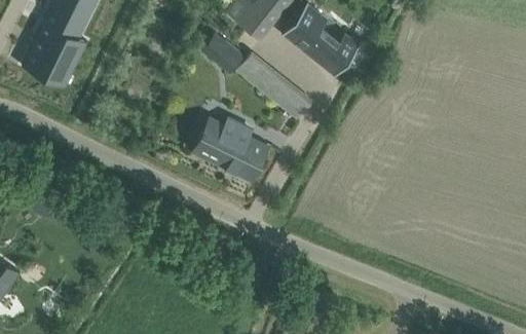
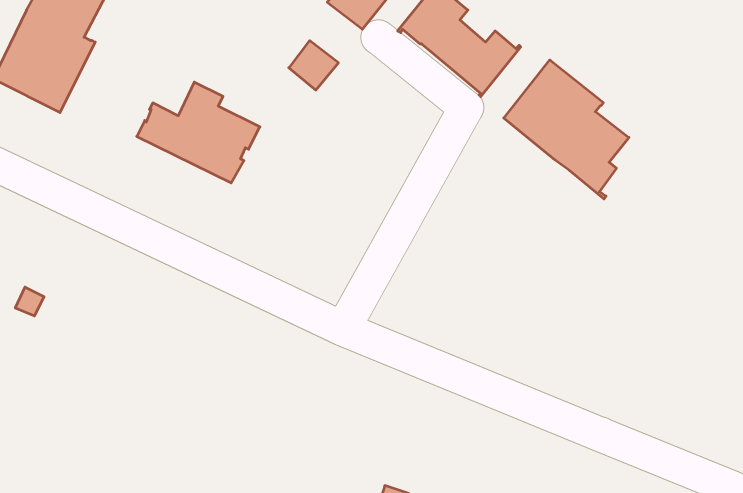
building: none -> [504,60,629,199]
building: [191,118,270,183] -> [137,82,260,183]

